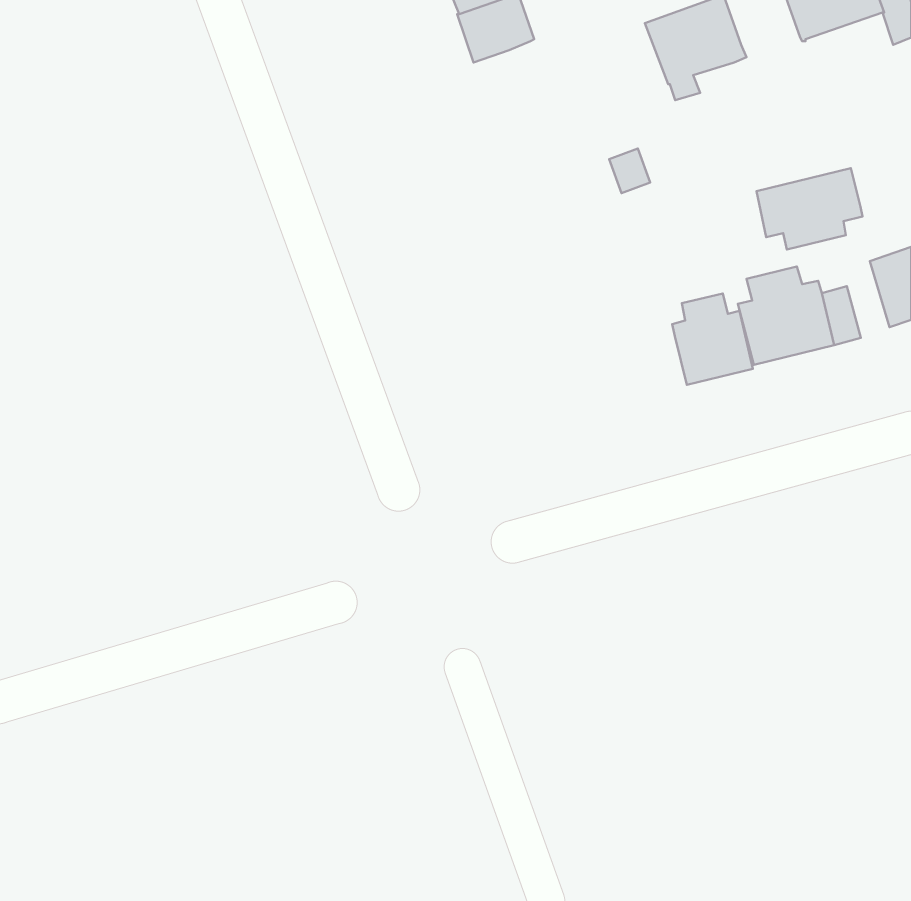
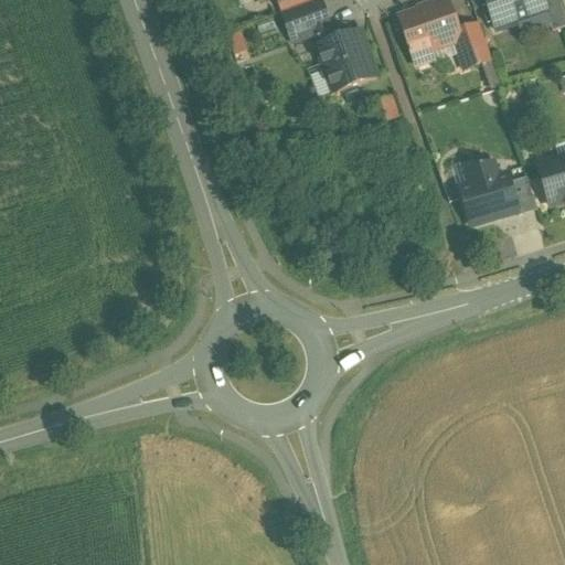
building: none -> [454,21,491,66]
building: none -> [315,25,376,87]
building: [756,168,862,249] -> none
building: [672,293,753,385] -> none

